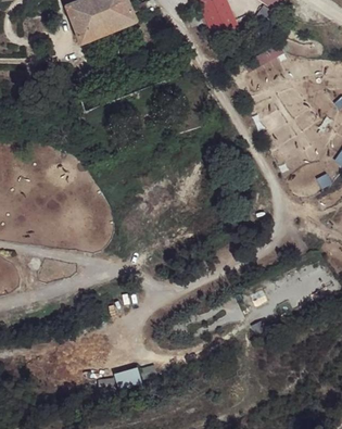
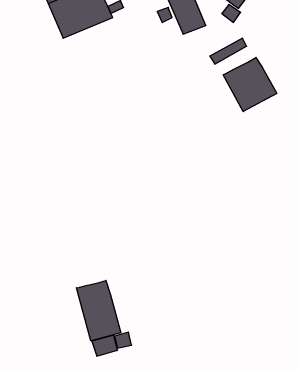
building: none -> [223,57,277,112]
building: none -> [76,280,121,341]

